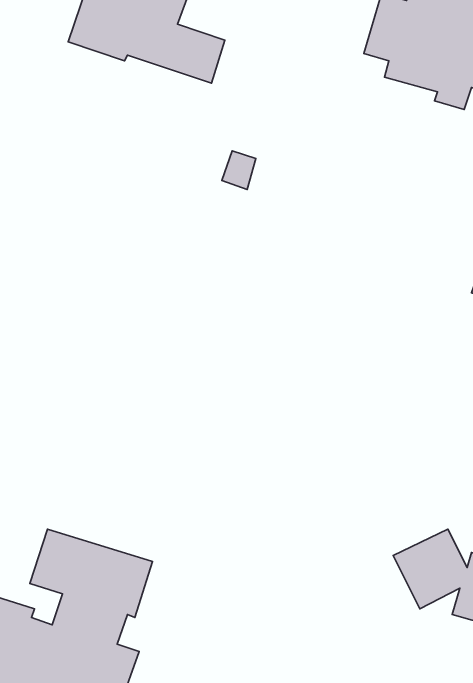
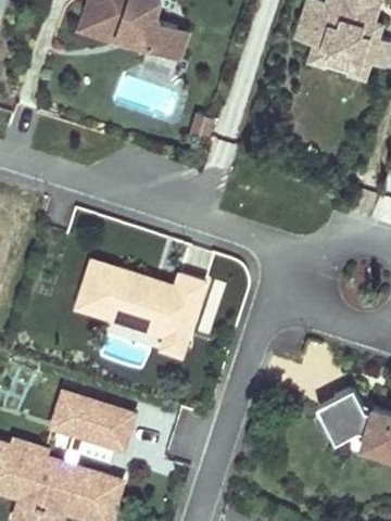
building: none -> [72,258,207,363]

